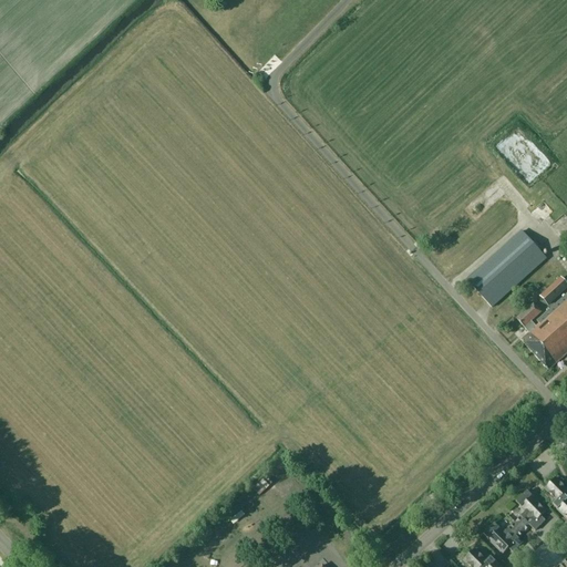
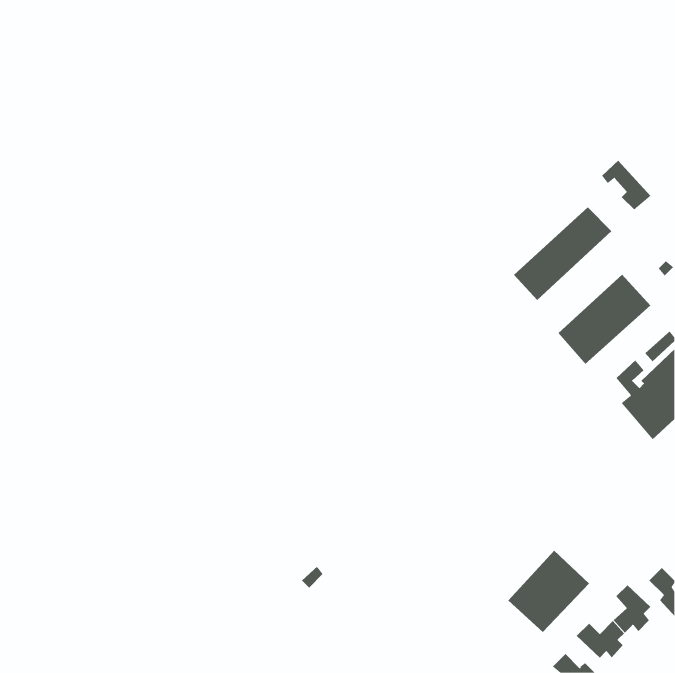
building: none -> [513,206,612,301]
building: none -> [508,550,590,633]

